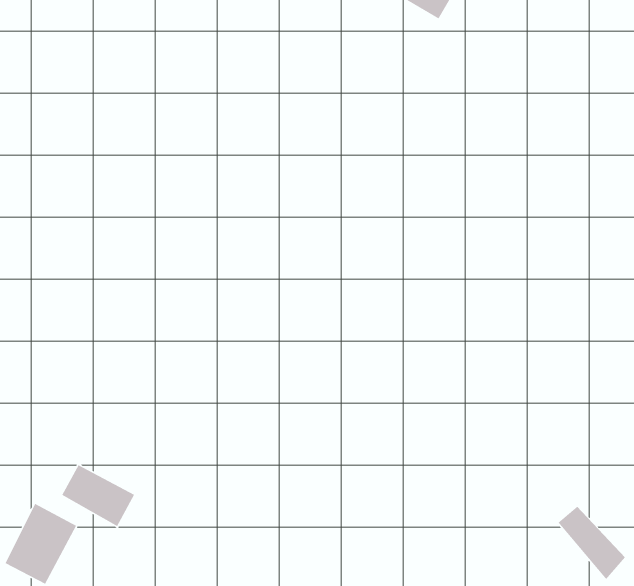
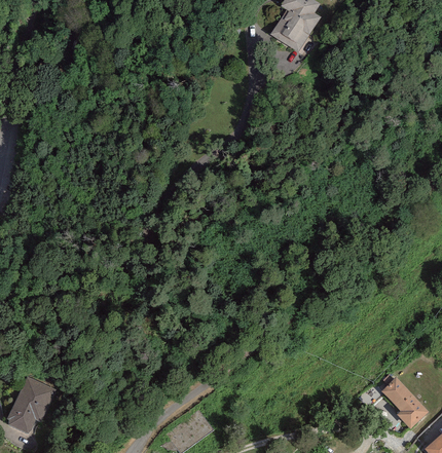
building: [61,464,135,527] -> none

